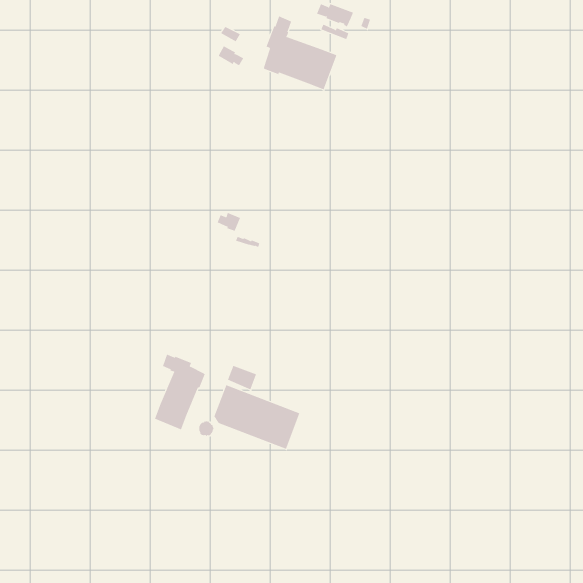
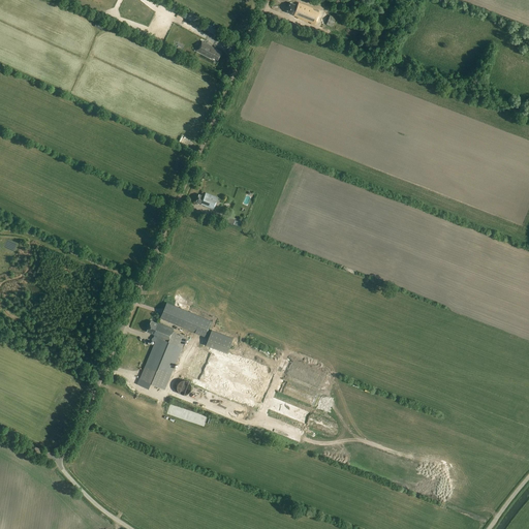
building: [264,16,337,90] -> none
building: none -> [160,303,210,337]

